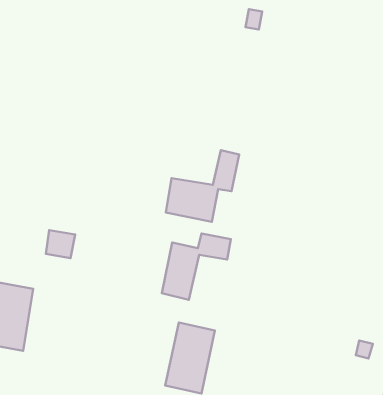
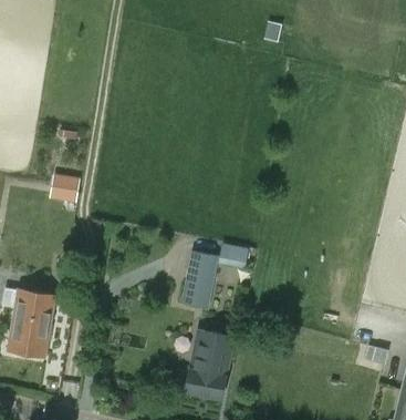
building: [166,150,239,222] -> none
building: [46,230,75,258] -> [52,175,81,203]

